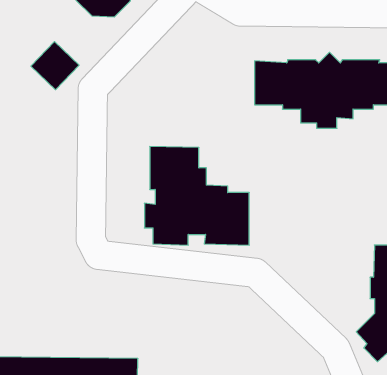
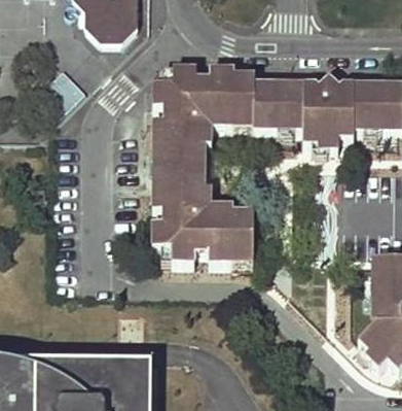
building: none -> [151,63,256,165]

